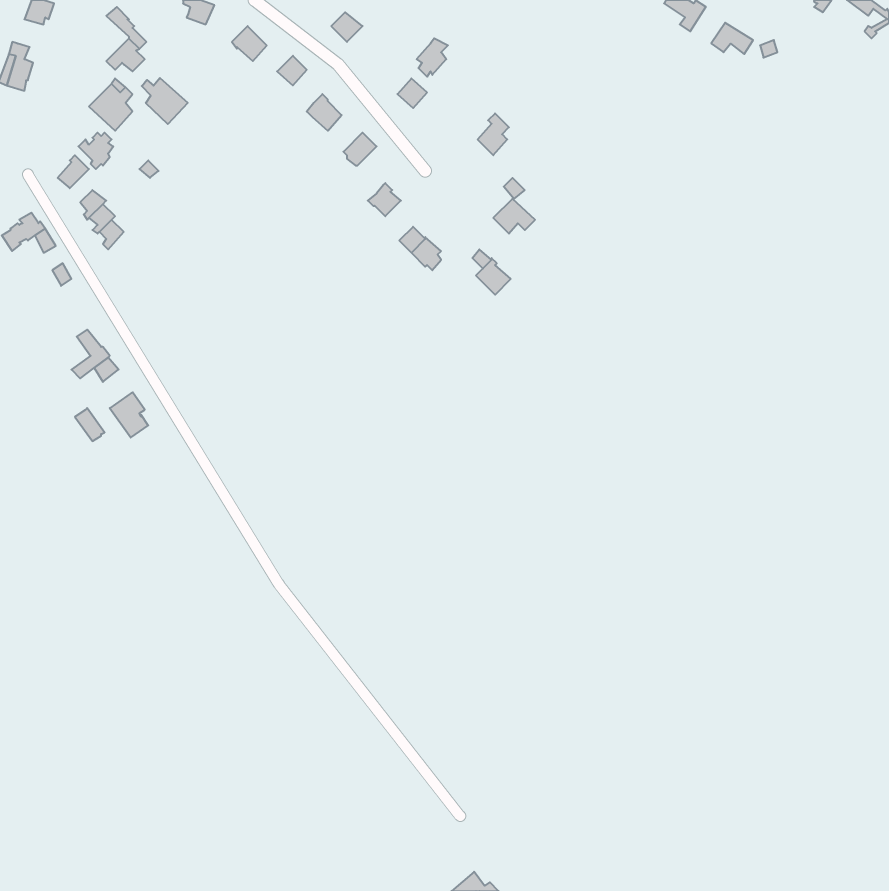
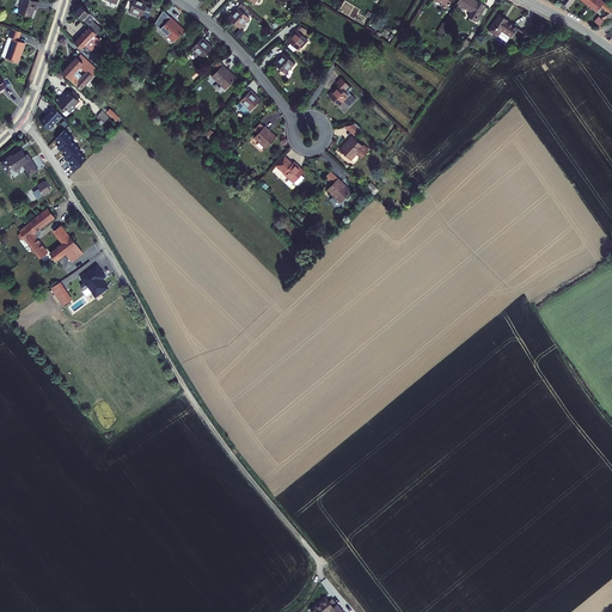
building: [142,78,188,124] -> none
building: none -> [20,208,54,257]

